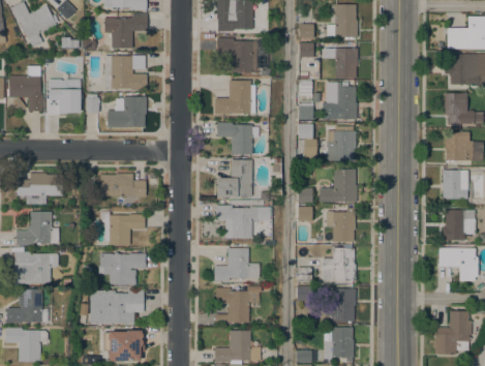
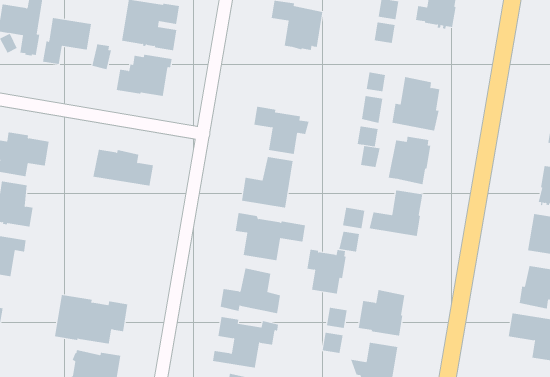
building: [325,48,358,78] -> none
building: [215,80,255,114] -> none
building: [327,208,356,242] -> [307,249,346,294]
building: [101,211,145,245] -> none
building: [99,252,147,284] -> none

